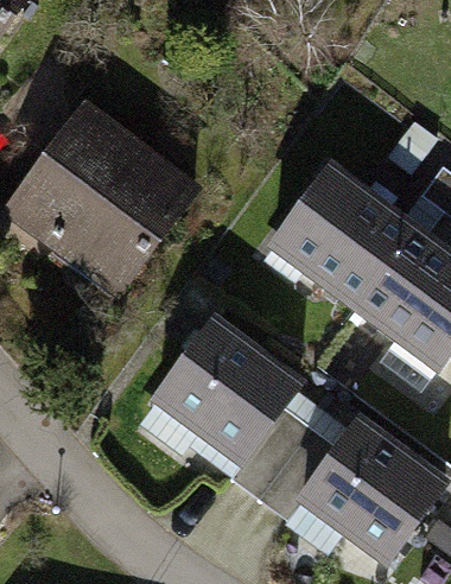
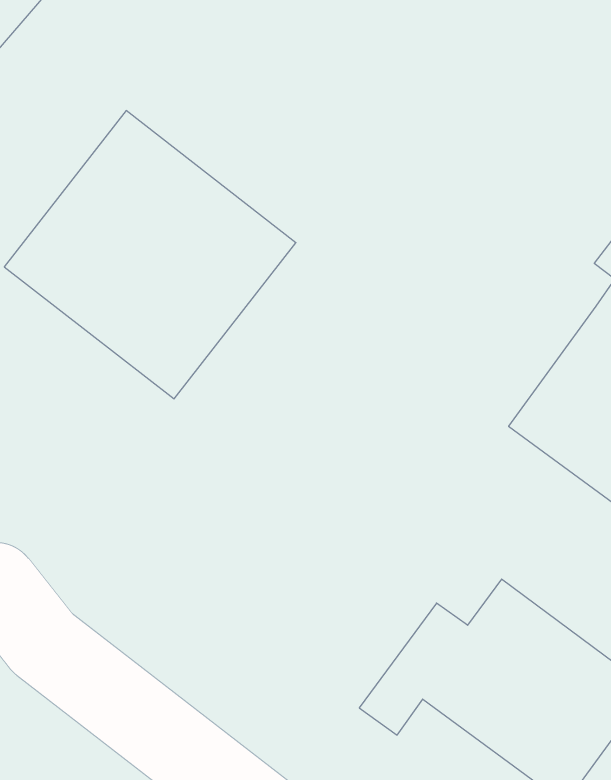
building: [267,164,414,310] -> none
building: [146,323,304,504] -> none

